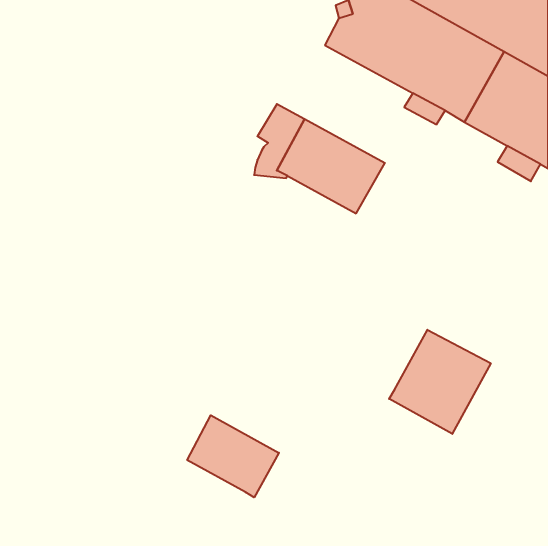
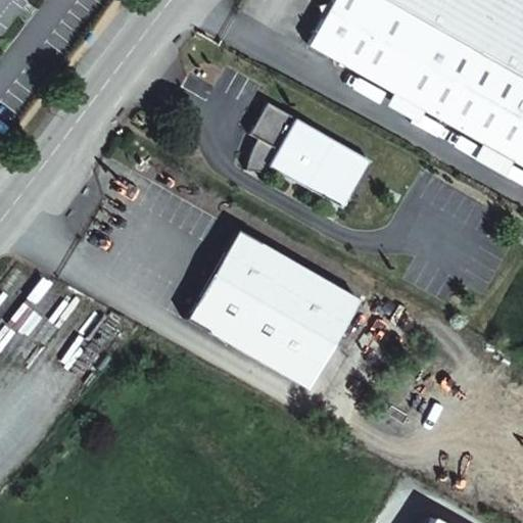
building: none -> [192,236,366,395]
building: [389,330,491,434] -> none
building: [187,415,279,497] -> none

